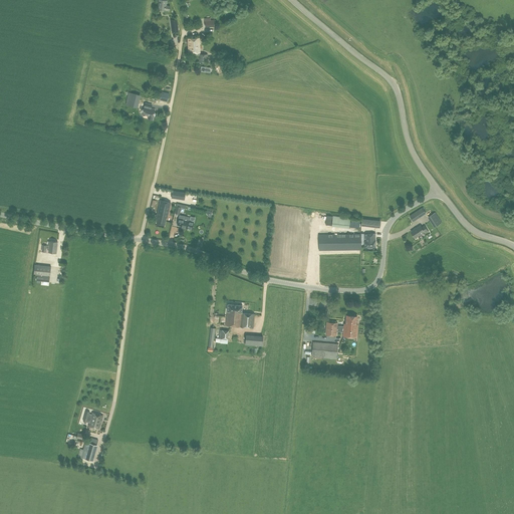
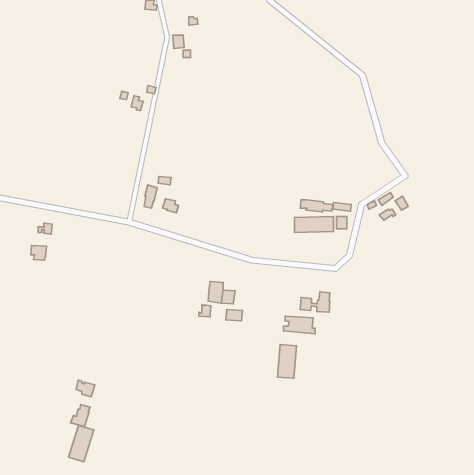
building: none -> [277,345,297,378]
building: none -> [69,426,94,462]

